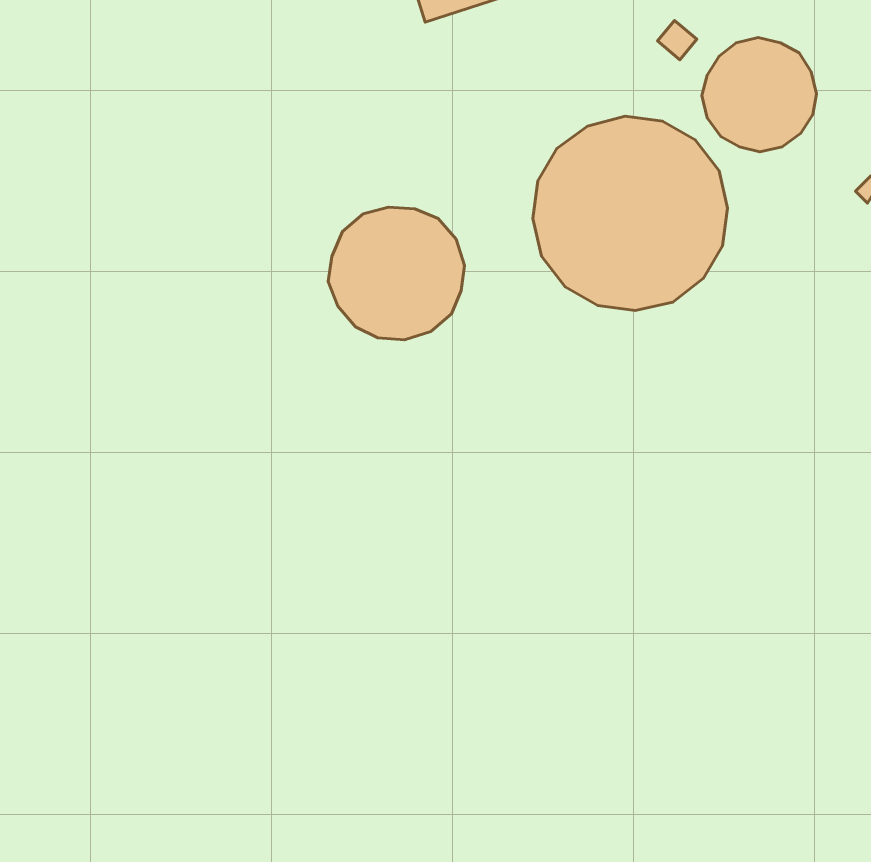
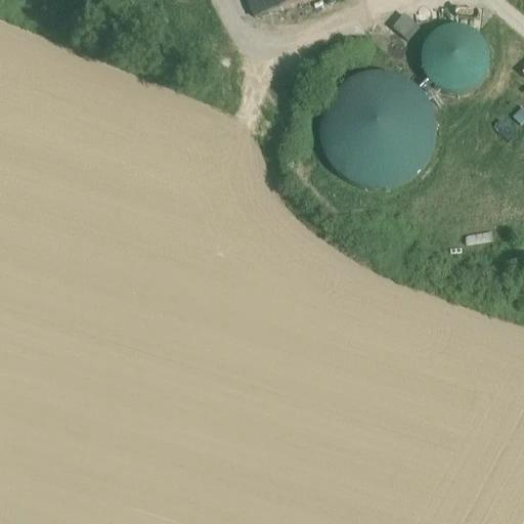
building: [328,207,464,340] -> none

